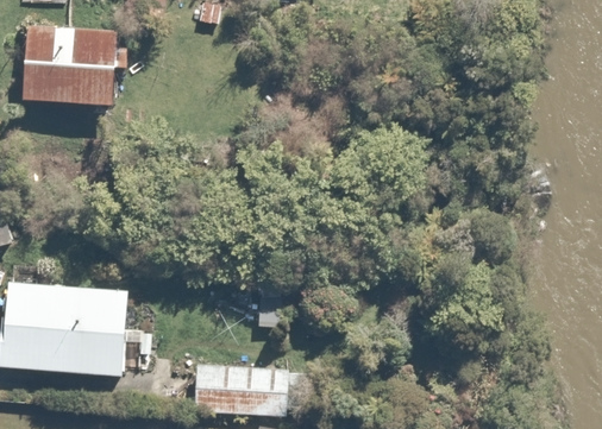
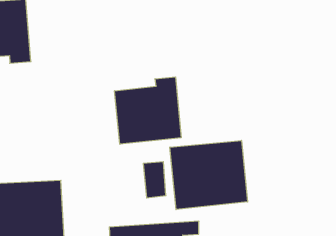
building: none -> [115,77,181,144]
building: none -> [170,140,248,210]

